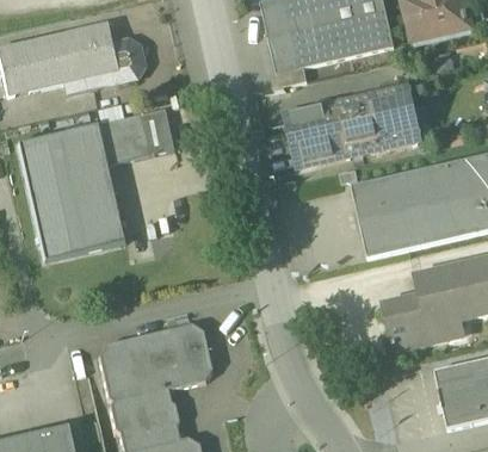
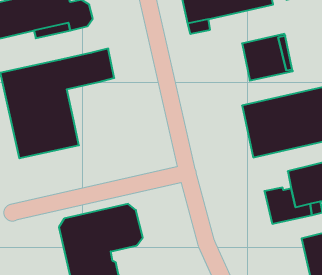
building: [286,100,363,166] -> none

